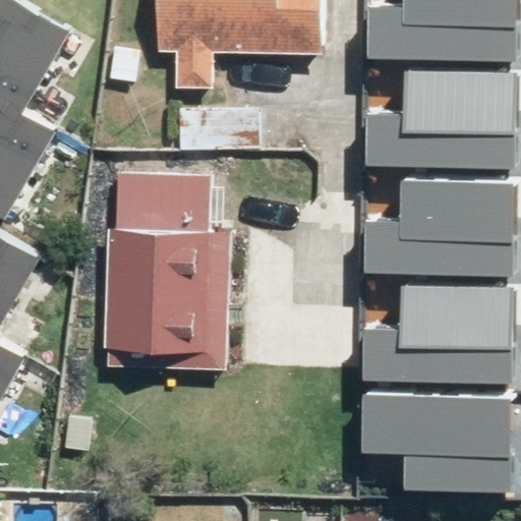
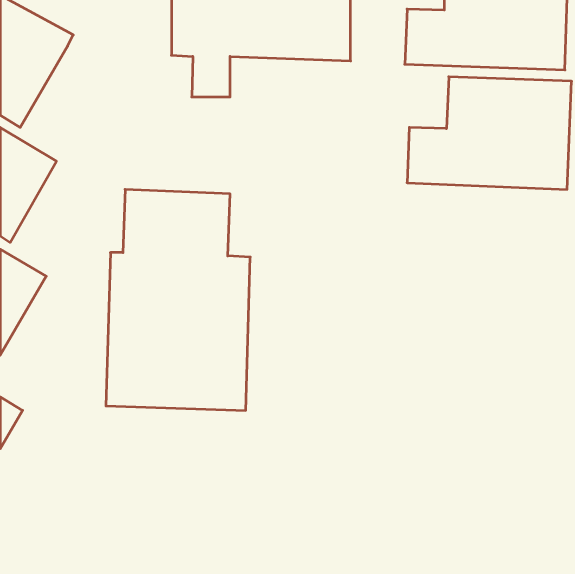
building: [366,180,515,282] -> none
building: [365,283,514,385] -> none
building: [361,393,512,490] -> none

